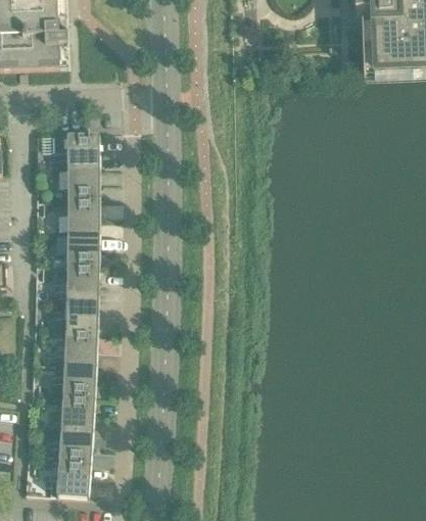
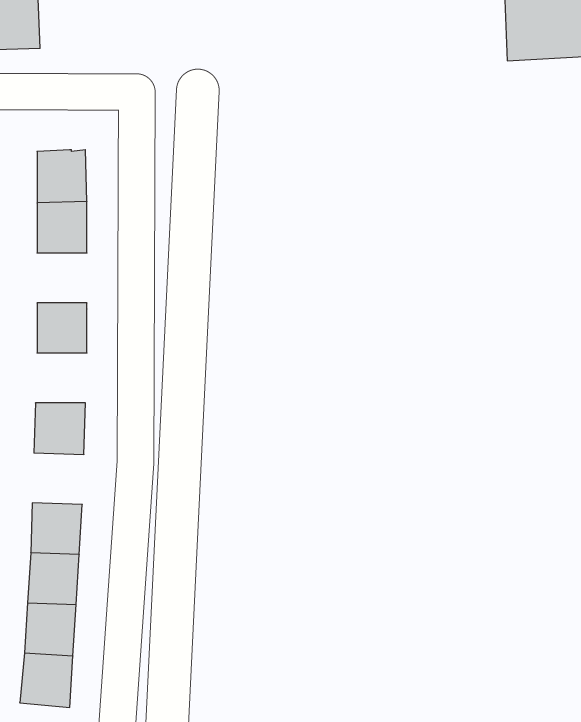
building: [66,200,99,233] -> none
building: [65,266,99,298] -> none
building: [63,331,97,365] -> none

